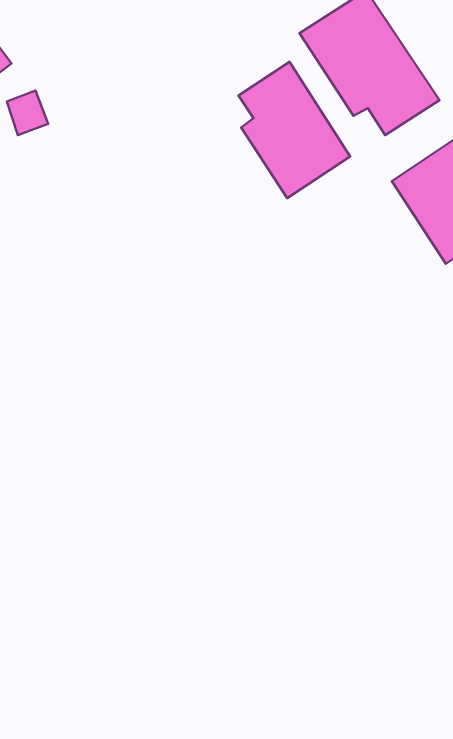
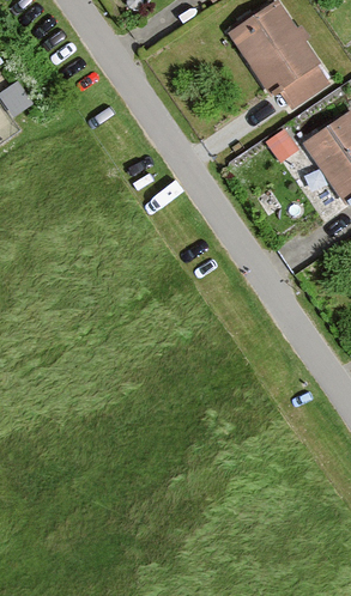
building: [239,62,350,198] -> none

